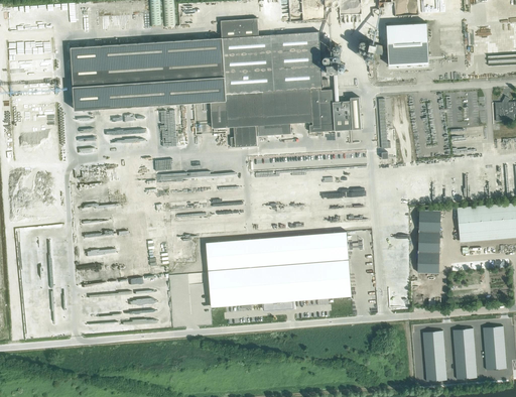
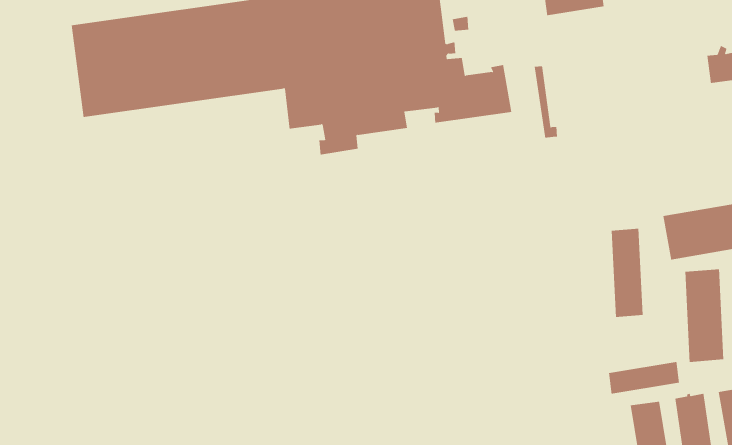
building: [205,232,351,311] -> none
building: none -> [685,268,724,363]
building: none -> [608,361,679,394]

